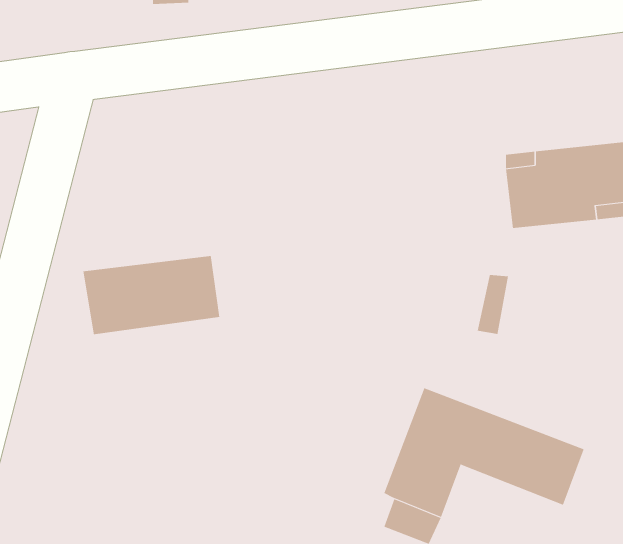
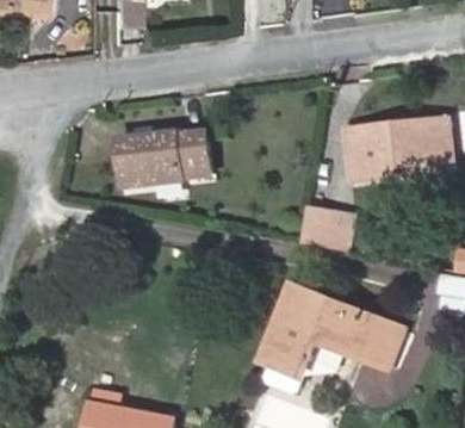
building: [83,255,220,335] -> [119,131,212,185]
building: none -> [303,205,339,249]

